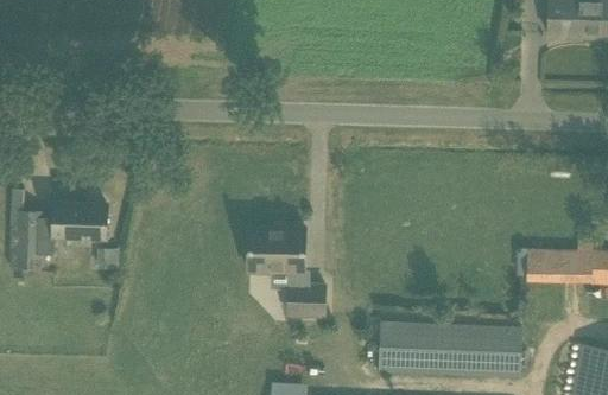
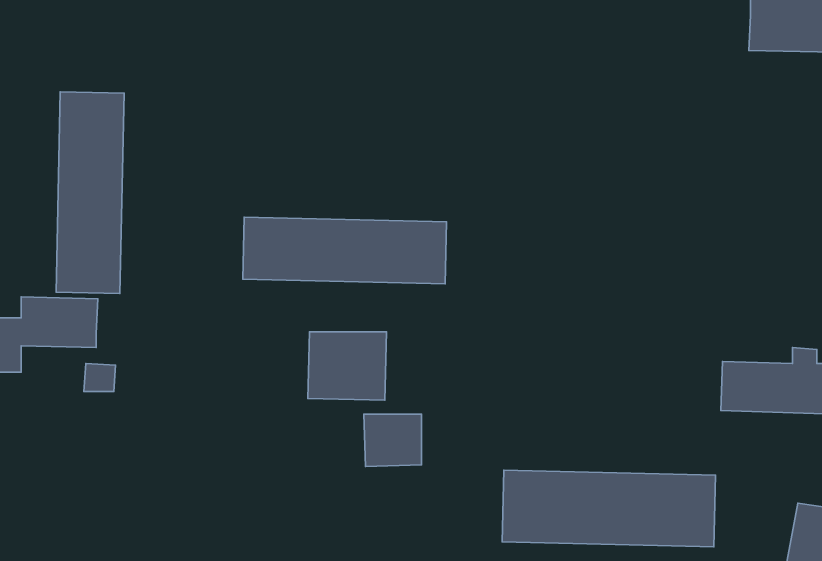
building: none -> [56,92,124,294]
building: none -> [243,217,446,284]

